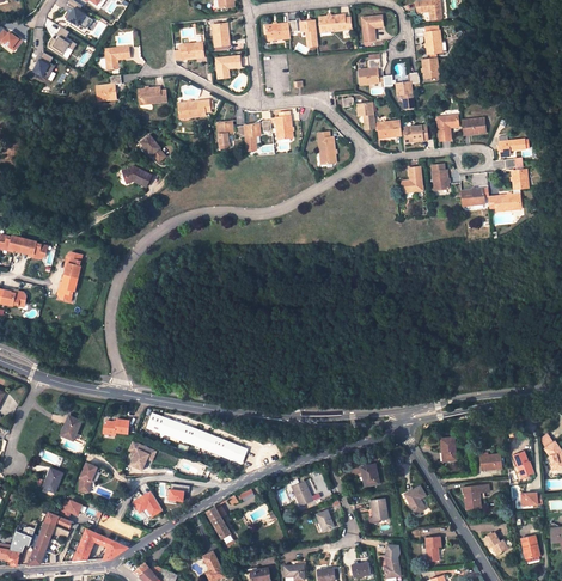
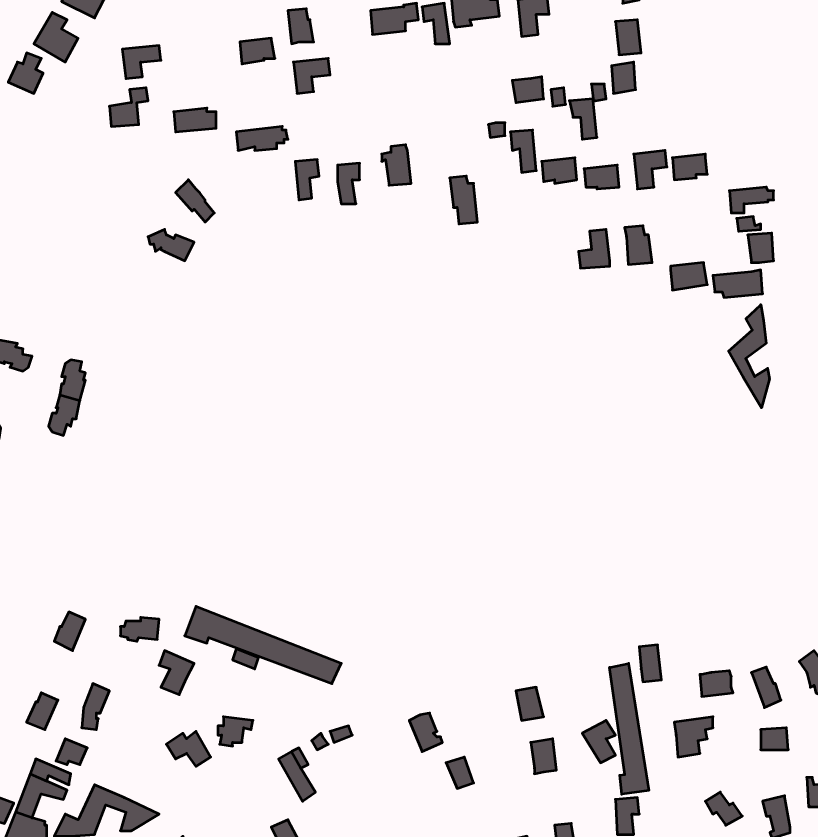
building: none -> [729,305,769,408]
building: none -> [610,663,649,794]

